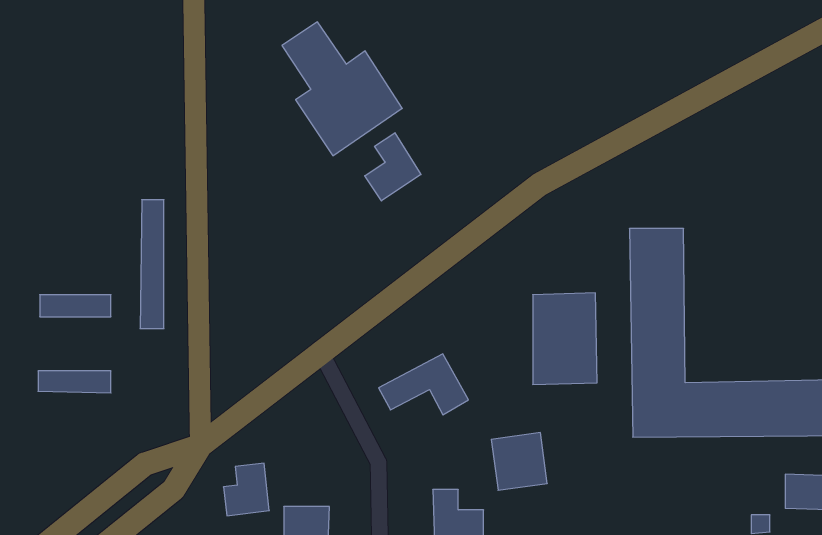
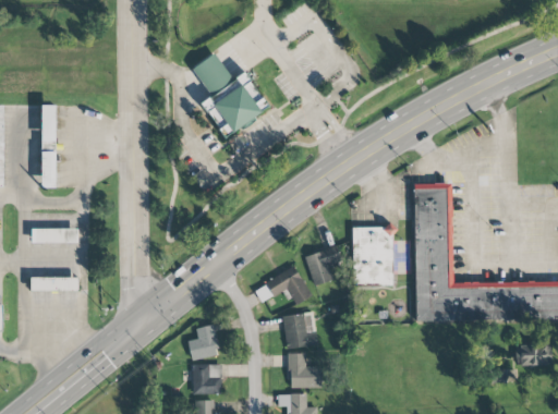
building: [365,133,421,201] -> none
building: [140,200,164,329] -> [40,105,56,187]
building: none -> [305,245,341,285]
building: [491,433,547,490] -> [282,312,318,349]
building: [223,463,269,516] -> [189,325,218,358]

